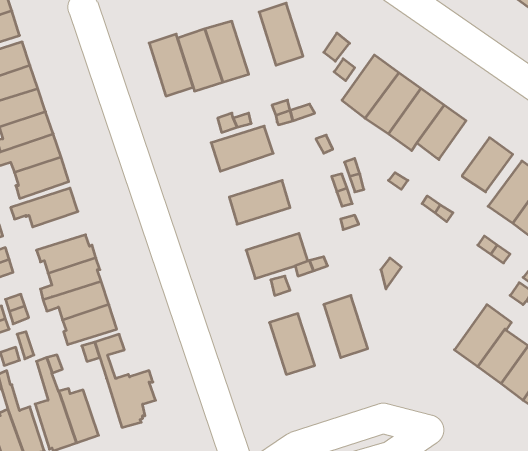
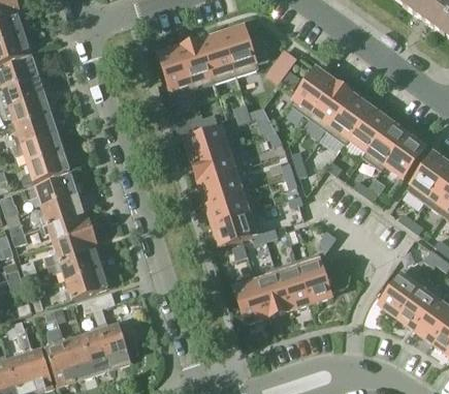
building: [149,34,193,96] -> [201,34,236,84]
building: none -> [361,121,407,172]
building: none -> [192,147,242,182]
building: none -> [205,190,255,224]
building: none -> [42,193,85,224]
building: none -> [296,253,350,303]
building: none -> [254,268,288,316]
building: none -> [83,327,114,372]

